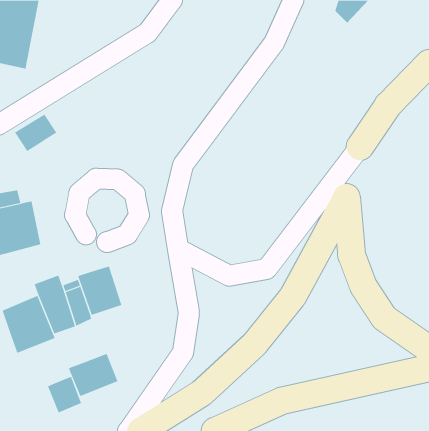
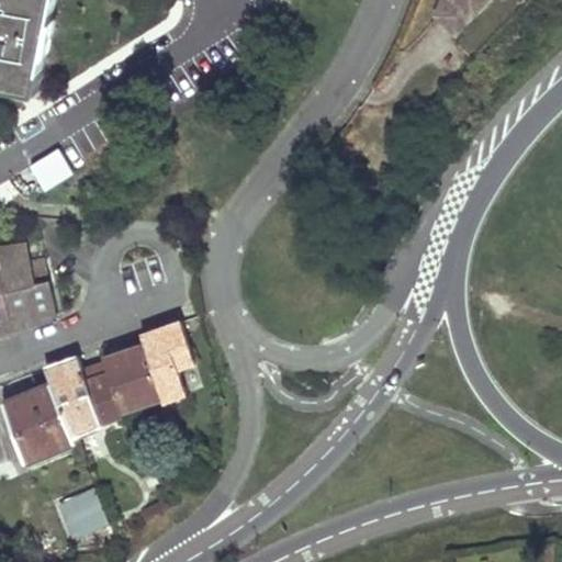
building: none -> [139,322,192,402]
building: [68,353,118,397] -> none

